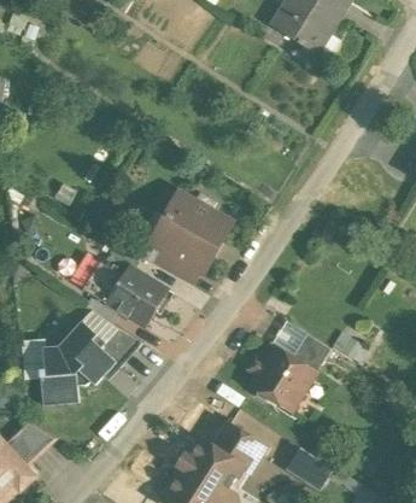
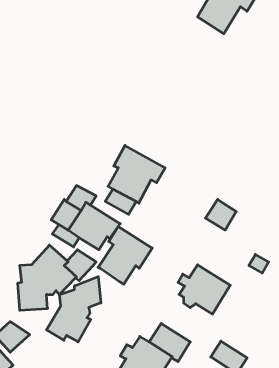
building: none -> [98,227,152,284]
building: [291,333,330,373] -> [205,199,236,230]
building: none -> [47,277,101,342]

